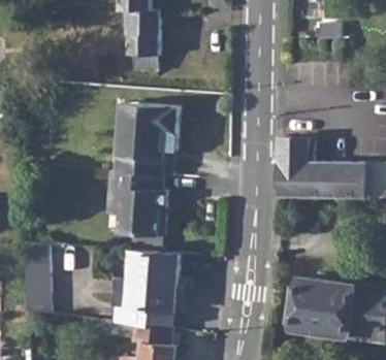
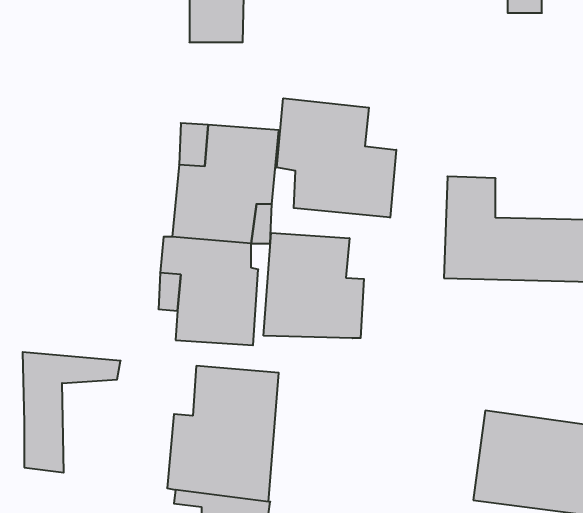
building: none -> [277,98,396,218]
building: none -> [264,233,364,338]

